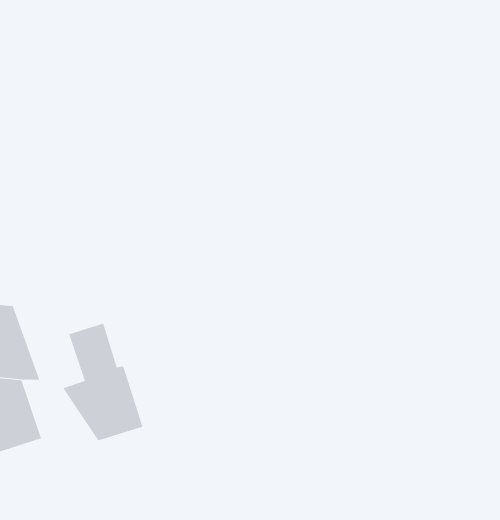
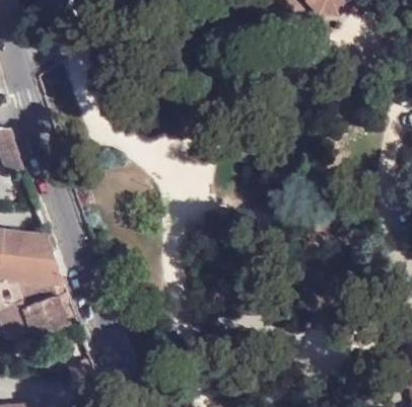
building: [62,323,143,441] -> none

